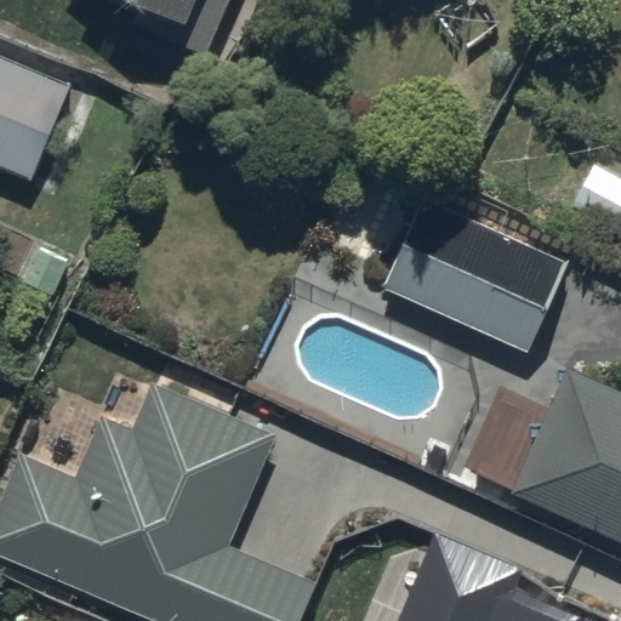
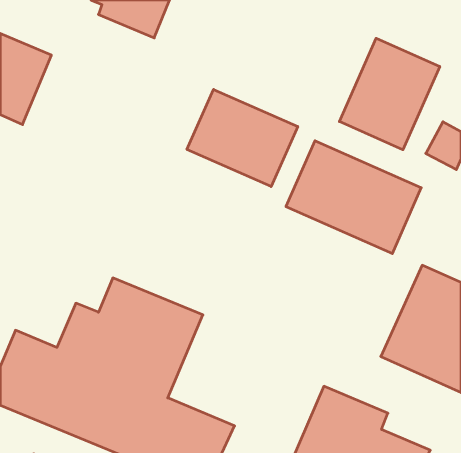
building: none -> [339,38,440,150]
building: none -> [187,89,298,187]

